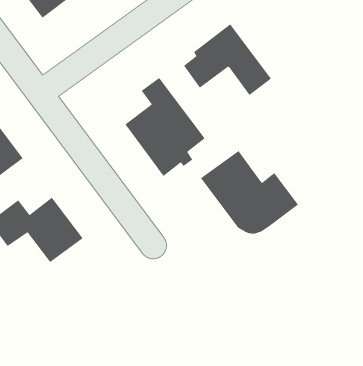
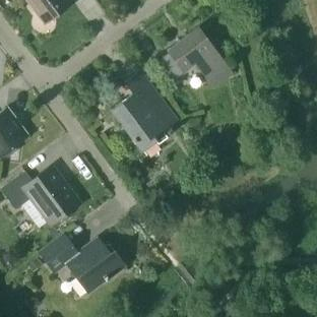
building: [200,150,299,235] -> none
building: none -> [38,233,125,293]

